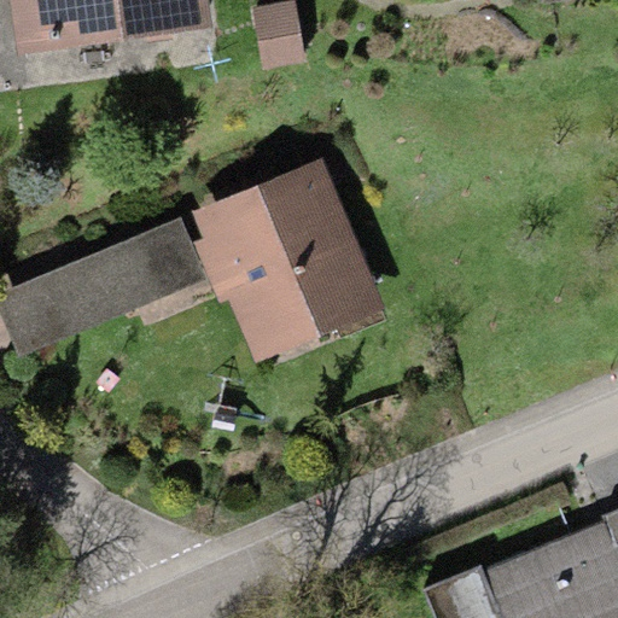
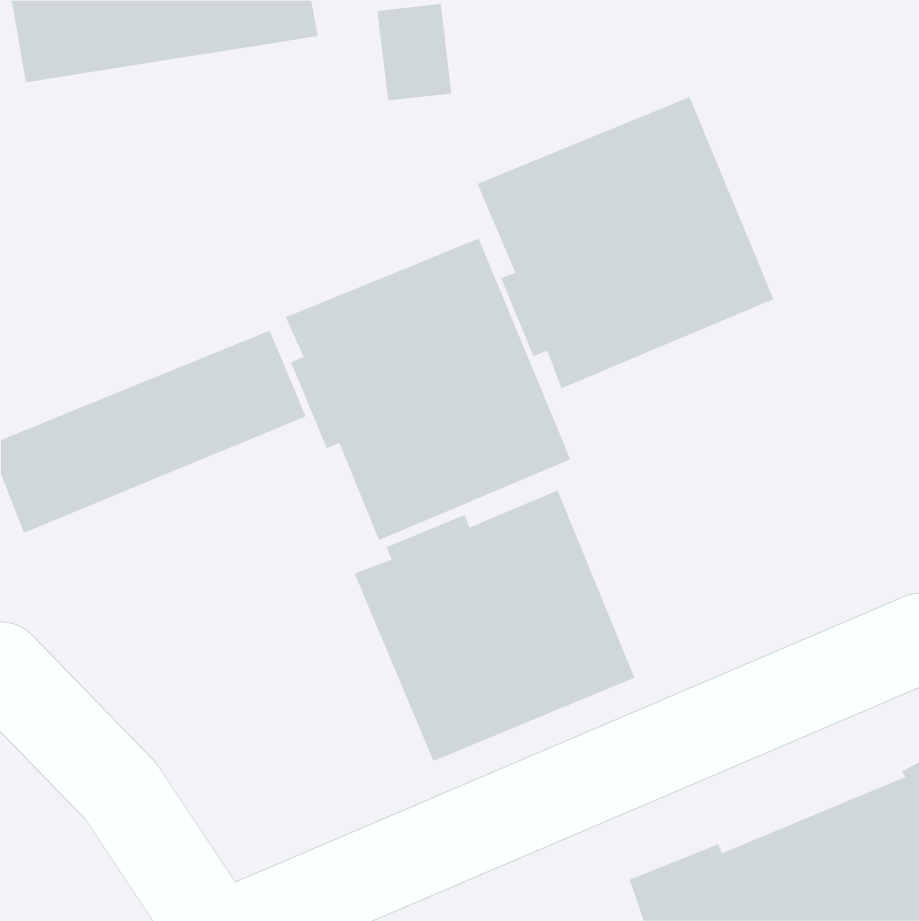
building: none -> [477,96,774,389]
building: none -> [354,489,635,762]

